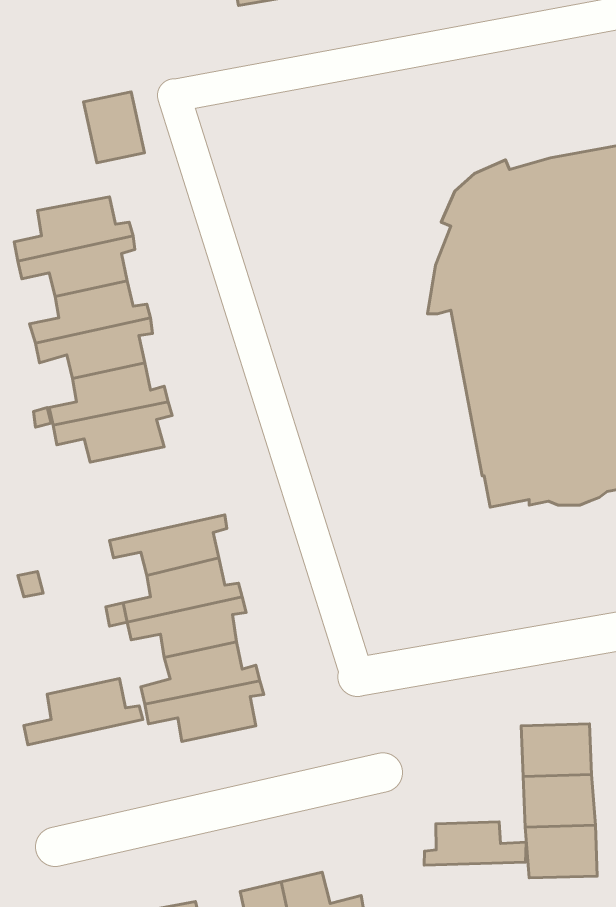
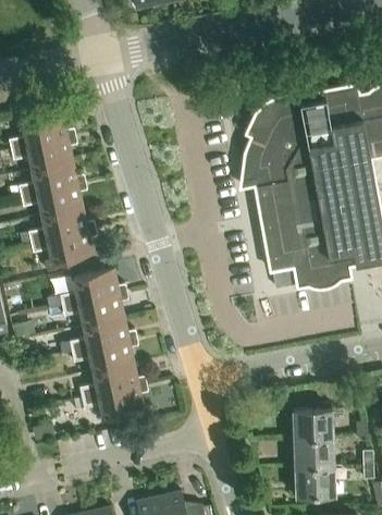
building: [83,92,144,163] -> none
building: [24,679,143,745] -> [61,270,127,307]
building: [424,822,526,865] -> none

